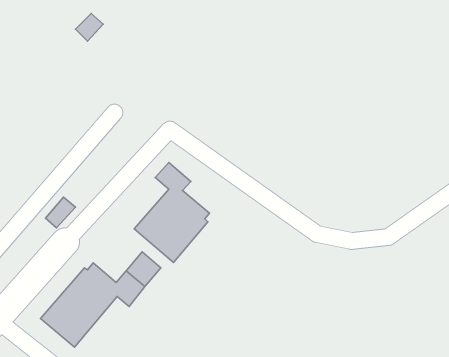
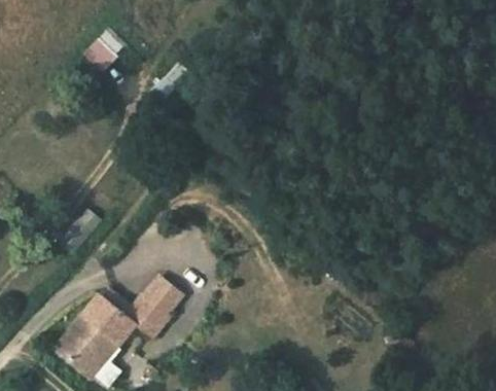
building: [134,163,210,262] -> none

